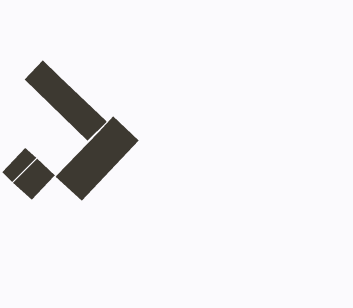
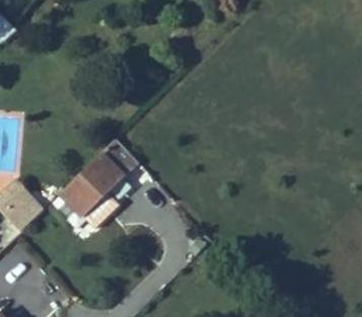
building: [24,60,108,141] -> none

